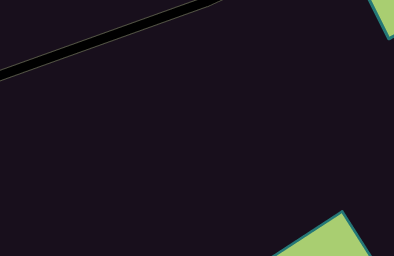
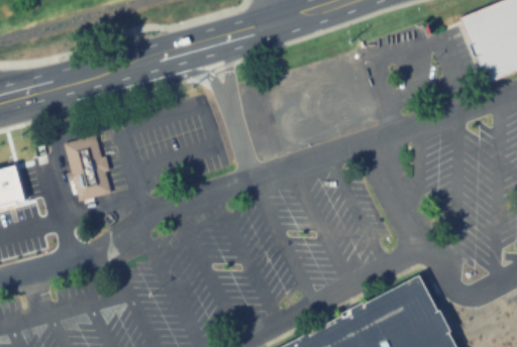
building: none -> [65,135,111,201]

